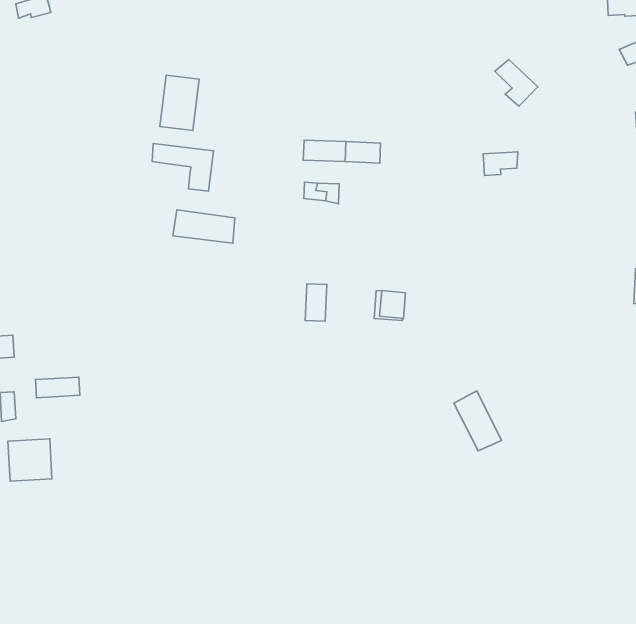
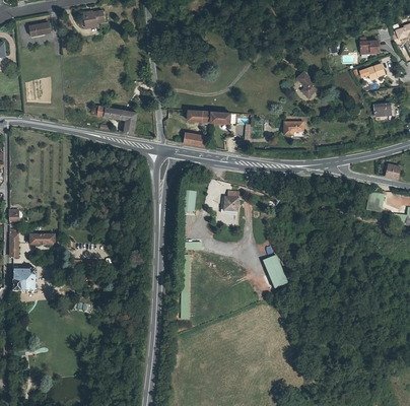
building: [160,75,199,130] -> none
building: [173,210,235,243] -> none

